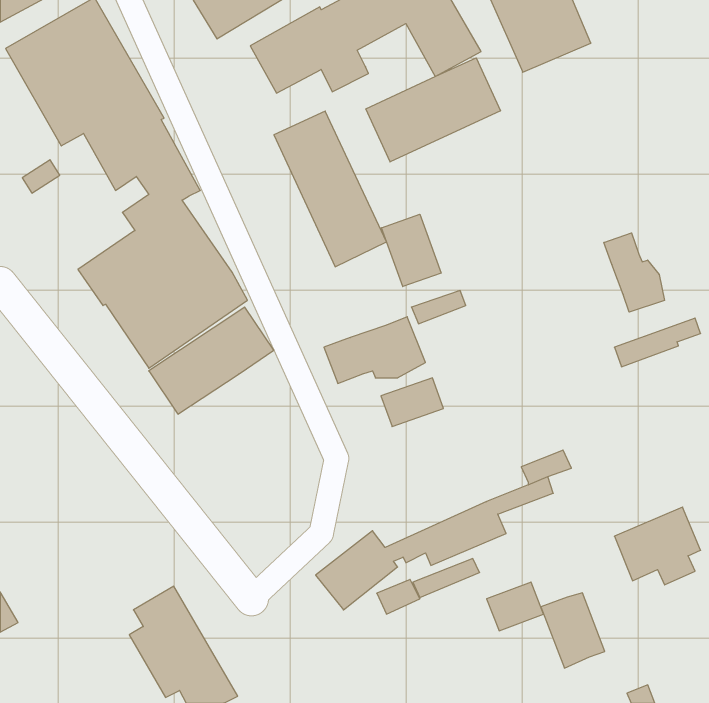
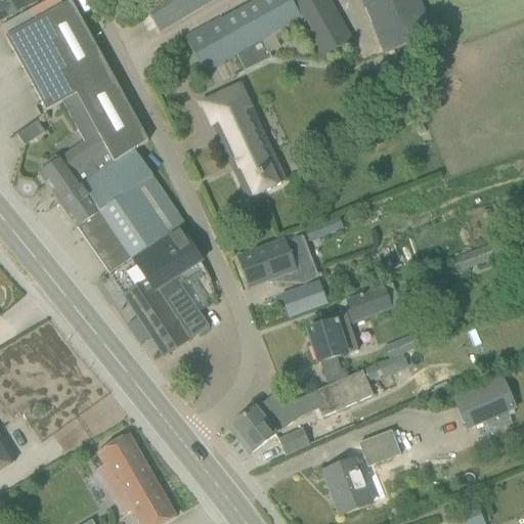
building: [366,58,500,162] -> none
building: none -> [40,130,111,199]
building: [381,214,441,287] -> none
building: [604,233,665,312] -> none
building: none -> [132,275,210,353]
building: none -> [309,281,401,360]
building: [541,593,605,668] -> [324,457,372,513]

